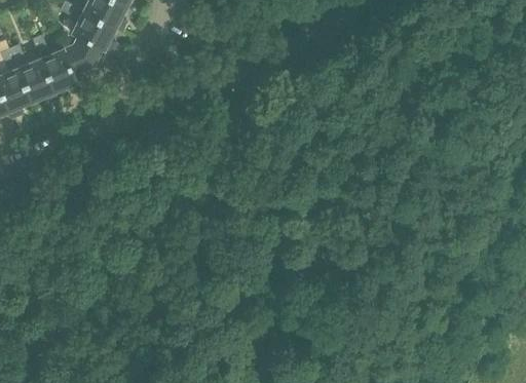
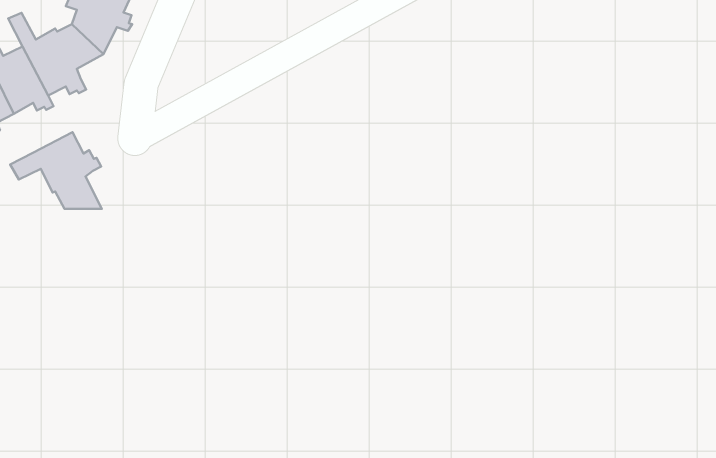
building: none -> [10,132,102,209]

